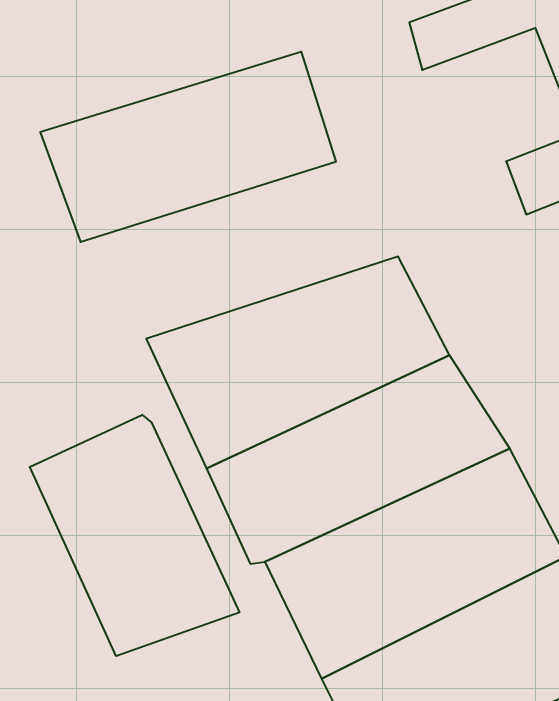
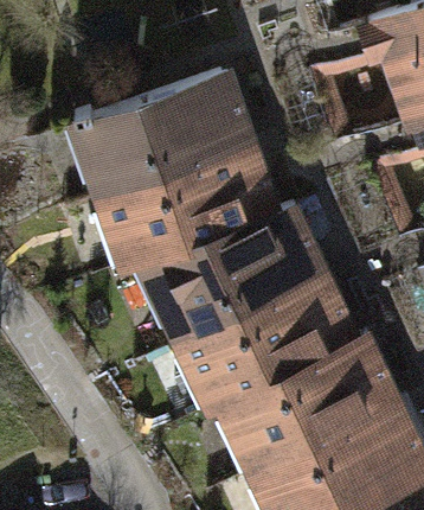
building: none -> [91,147,281,268]
building: [30,415,239,656] -> none

